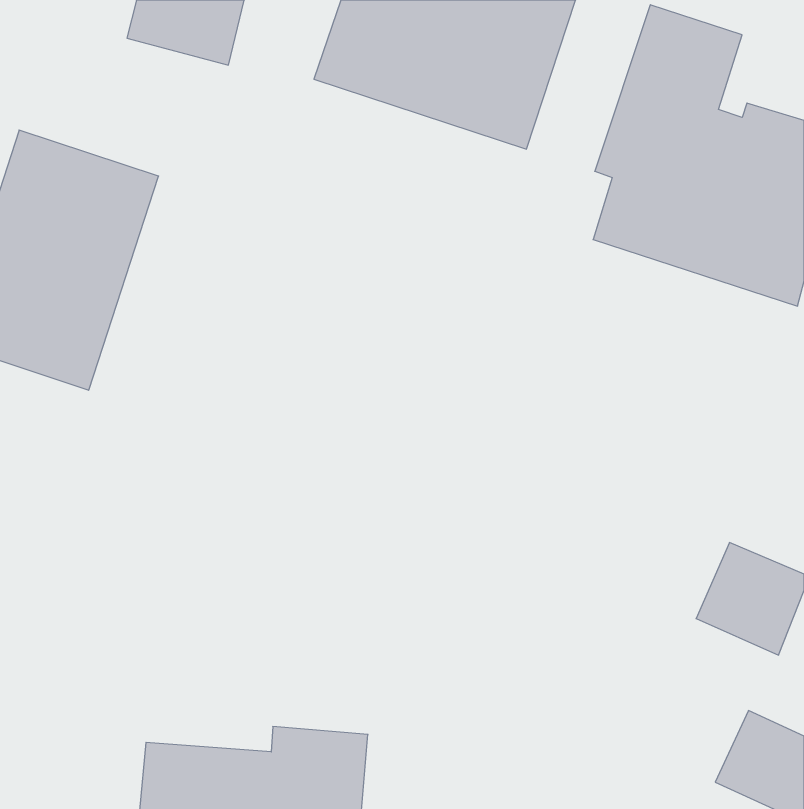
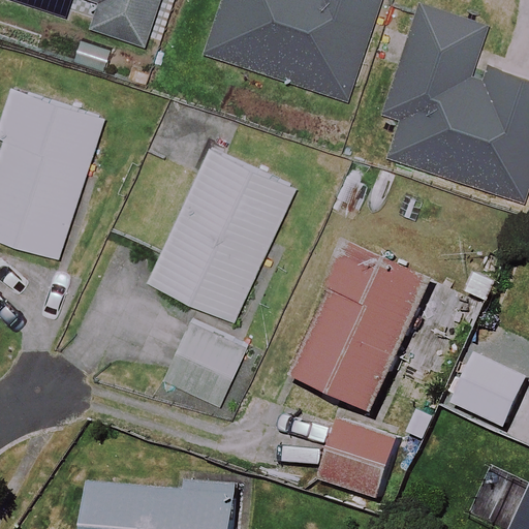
building: none -> [150,148,293,318]
building: none -> [293,242,435,414]
building: none -> [162,322,243,402]
building: none -> [318,418,405,500]

